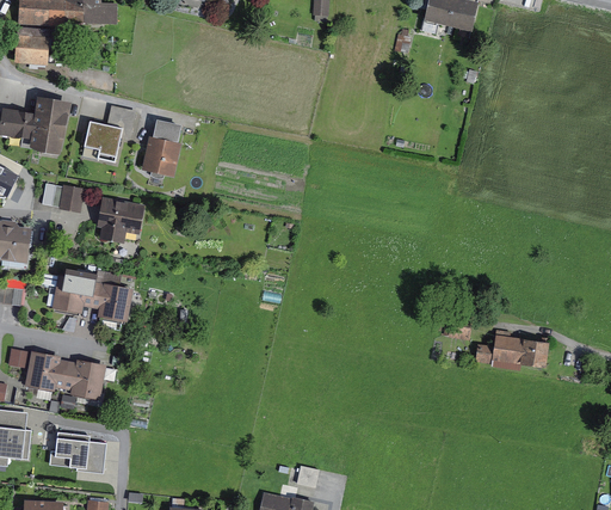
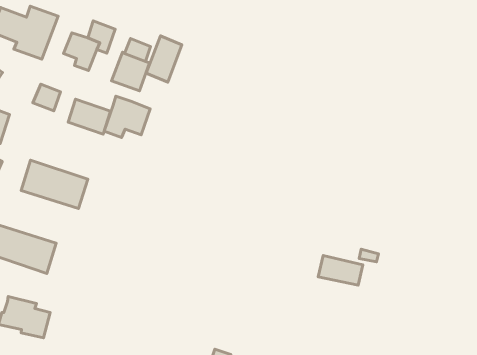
building: none -> [146,36,182,82]
building: none -> [104,96,150,138]
building: [495,337,544,365] -> [318,255,363,285]

